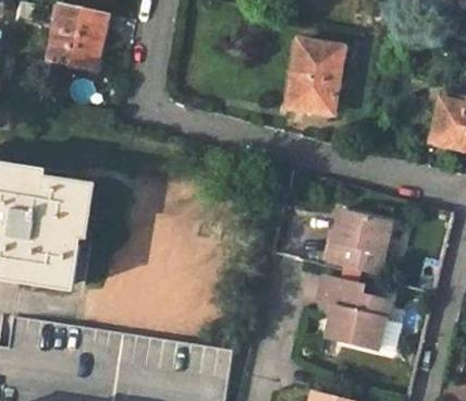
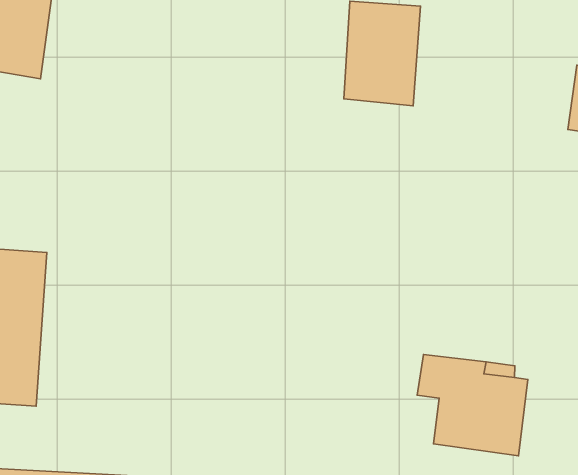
building: [328,209,393,274] -> none

